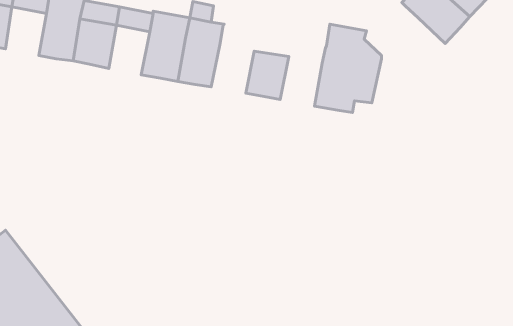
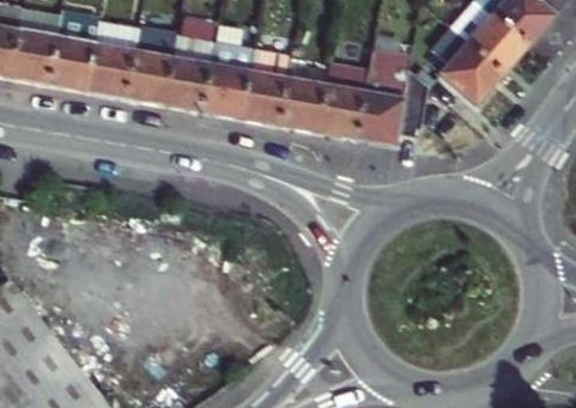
building: none -> [438,31,499,99]
building: none -> [11,32,56,86]
building: none -> [126,53,171,108]
building: none -> [240,53,292,128]
building: none -> [316,68,368,142]

